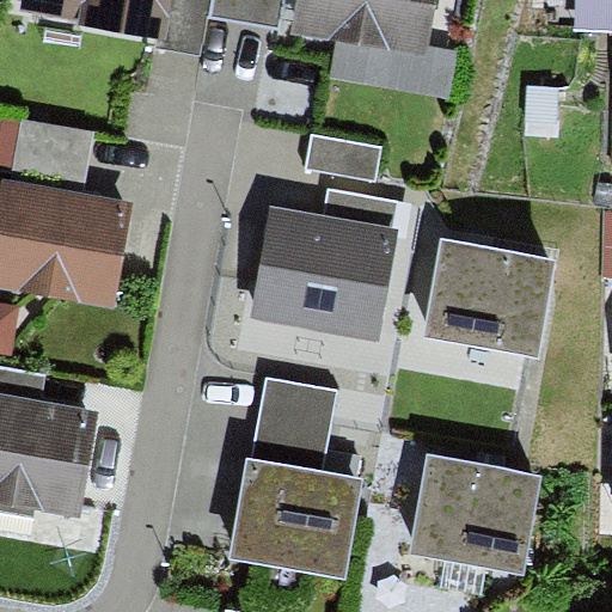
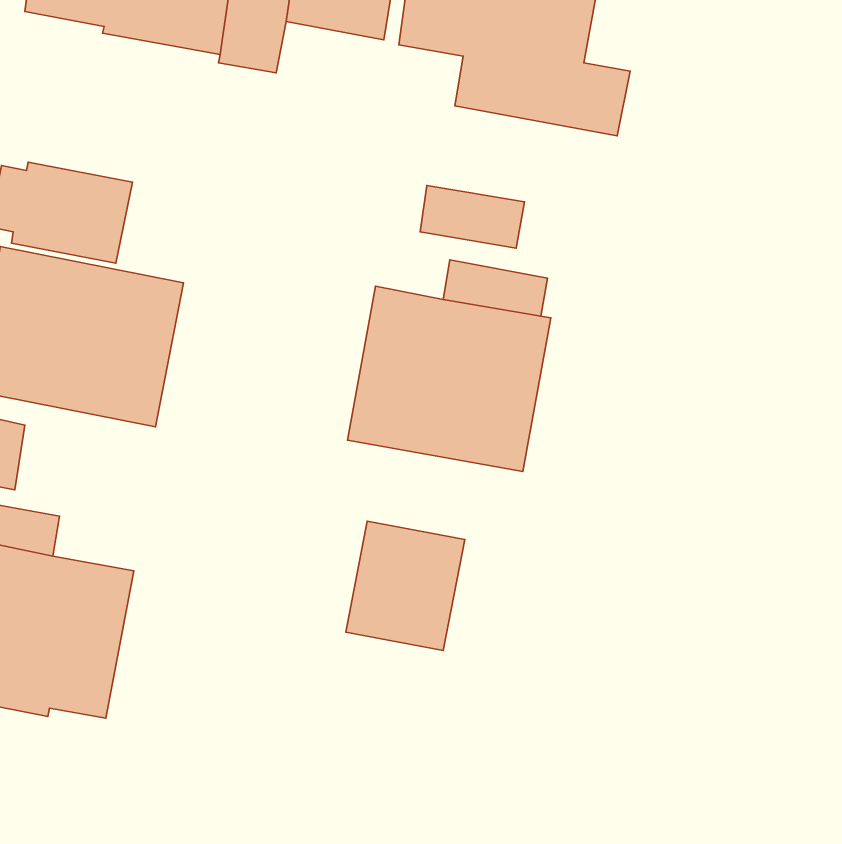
building: [424,237,556,359] -> none
building: [409,454,540,574] -> none
building: [226,455,362,580] -> none

